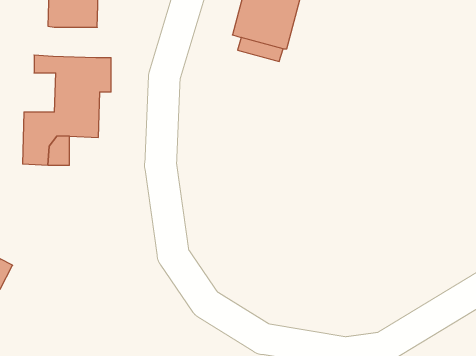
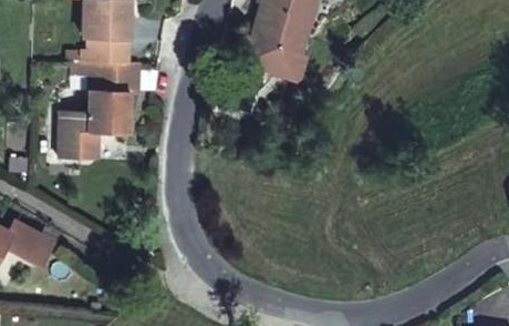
building: none -> [89,37,127,63]

